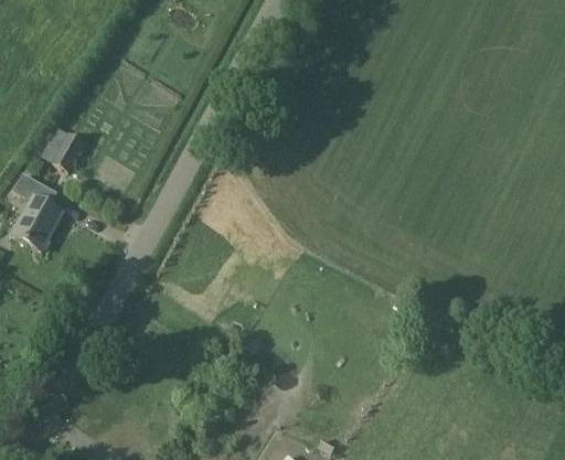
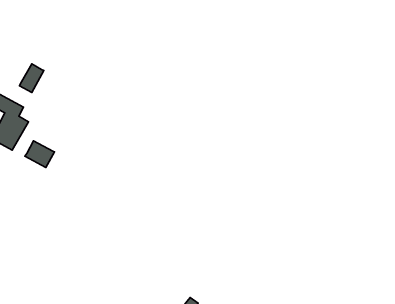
building: none -> [25,141,54,167]

